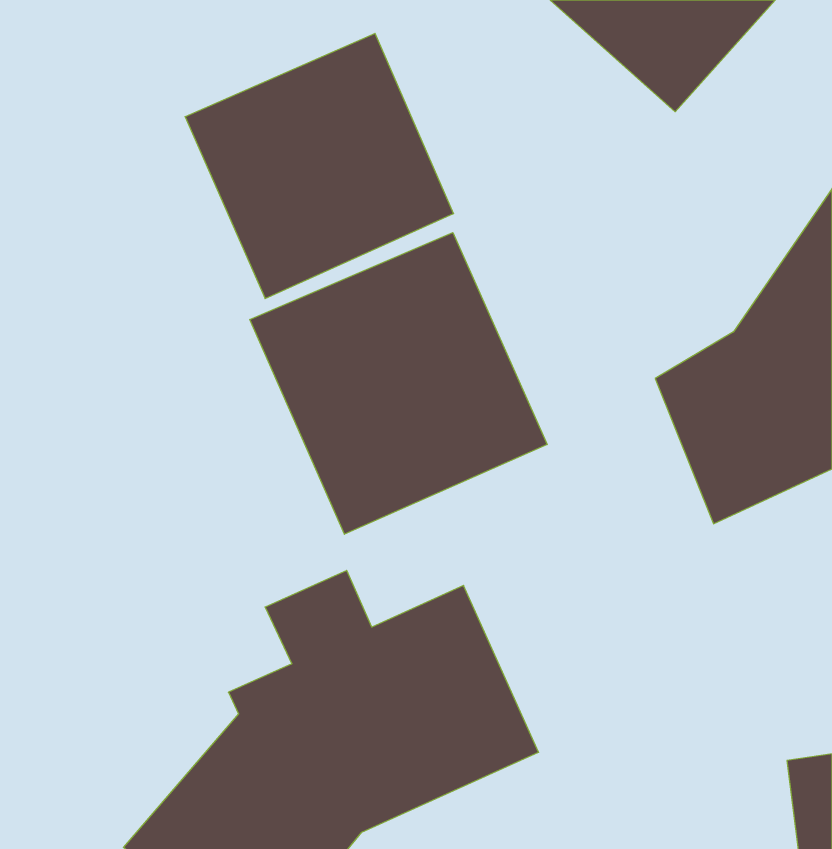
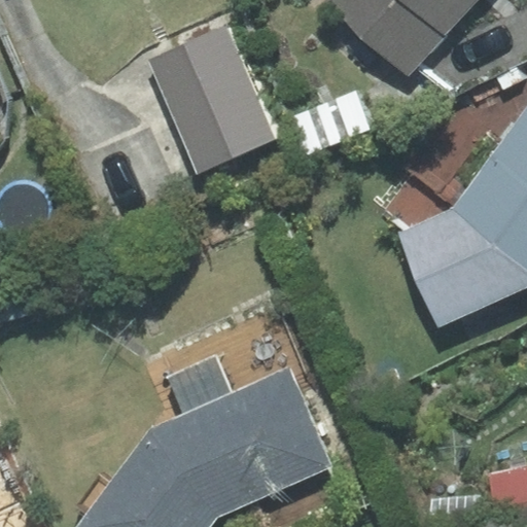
building: [250,233,547,534] -> none

